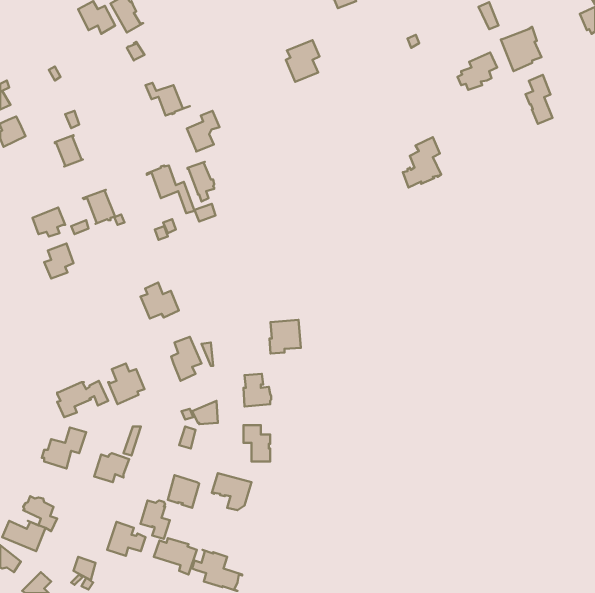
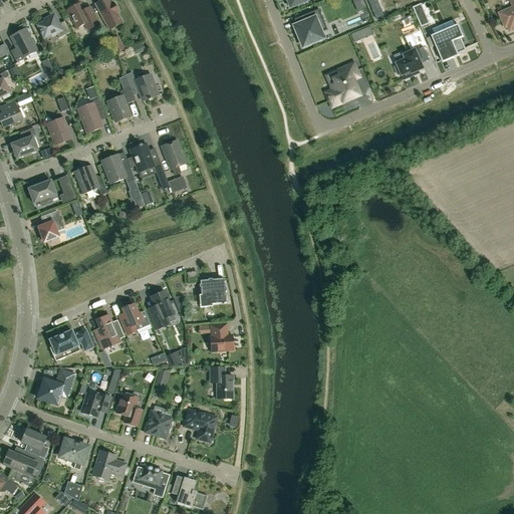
building: none -> [37,12,70,37]
building: none -> [10,25,37,61]
building: [286,40,319,82] -> [296,8,325,44]
building: [526,75,553,124] -> none
building: [187,111,219,152] -> [107,85,136,120]
building: none -> [77,96,102,134]
building: [403,137,441,187] -> [328,61,361,104]
building: none -> [11,126,37,157]
building: none -> [101,154,138,190]
building: [141,283,179,319] -> [118,302,152,333]
building: [269,320,301,354] -> [199,277,226,306]
building: [141,501,170,539] -> [116,392,142,425]
building: none -> [59,439,87,469]

